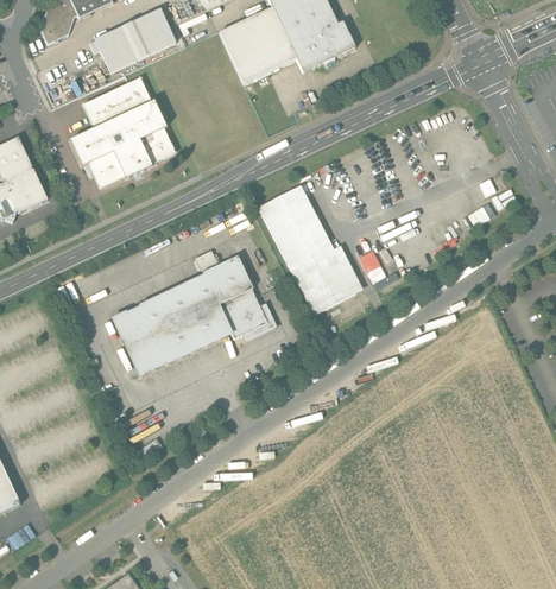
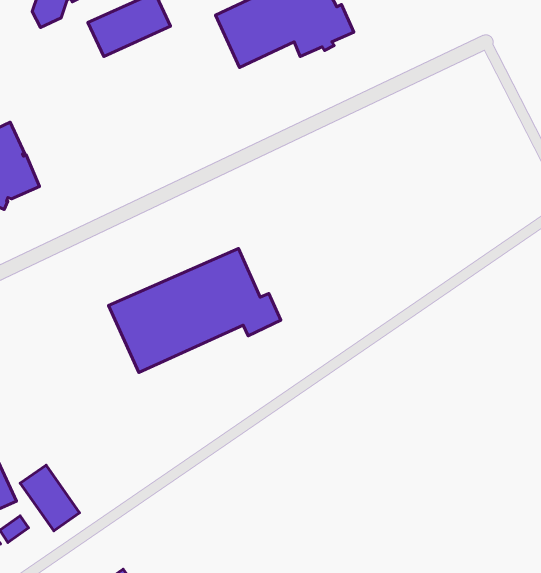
building: [68,76,173,186] -> none
building: [259,184,365,317] -> none
building: none -> [20,465,80,531]

